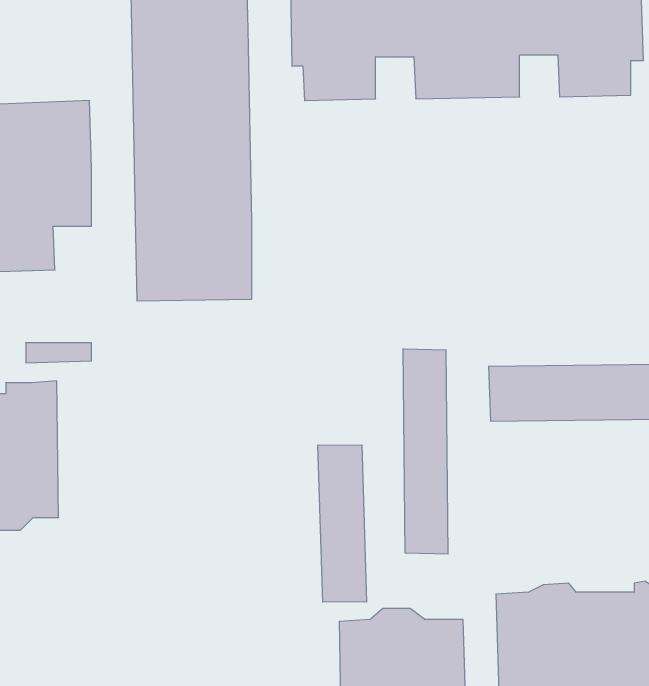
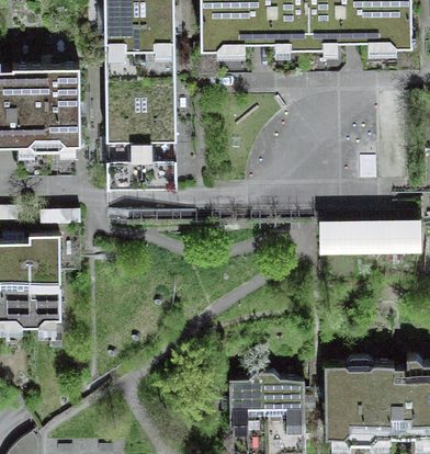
building: [403,349,448,554] -> none
building: [318,445,367,602] -> none

